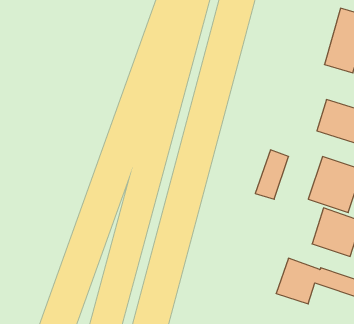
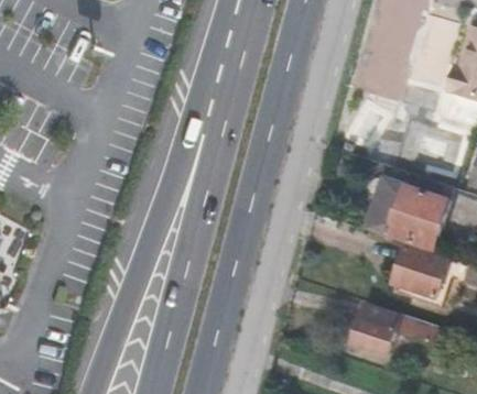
building: [255,150,289,199] -> [365,176,403,233]

